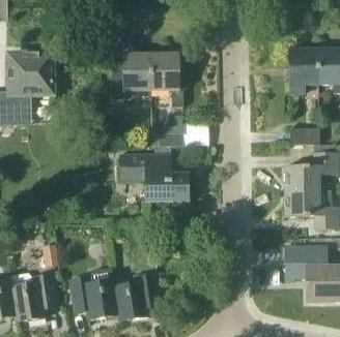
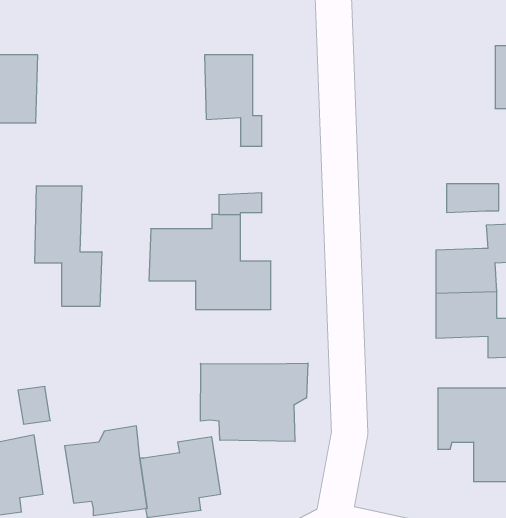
building: [289,49,318,94] -> none
building: [110,54,151,99] -> none
building: none -> [35,186,102,306]
building: none -> [200,363,308,442]

